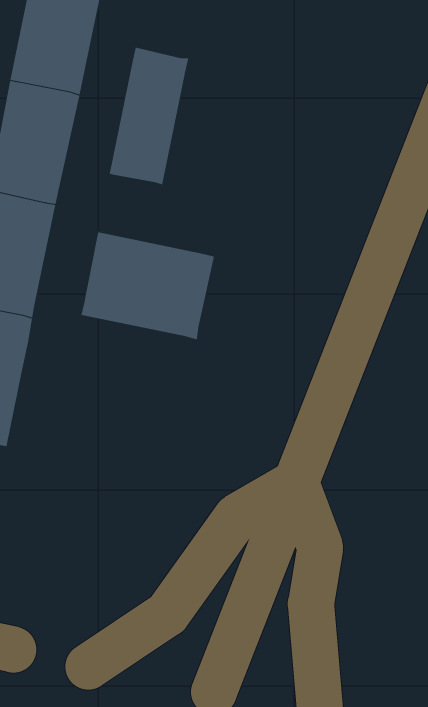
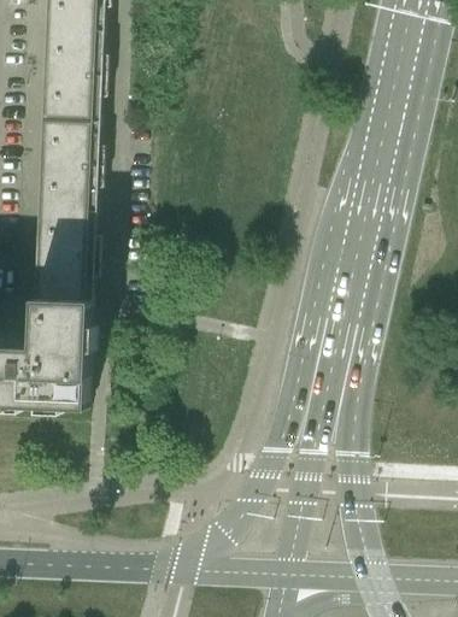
building: [109,47,189,185] -> none
building: [81,231,215,340] -> none

